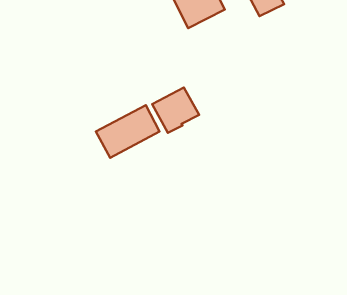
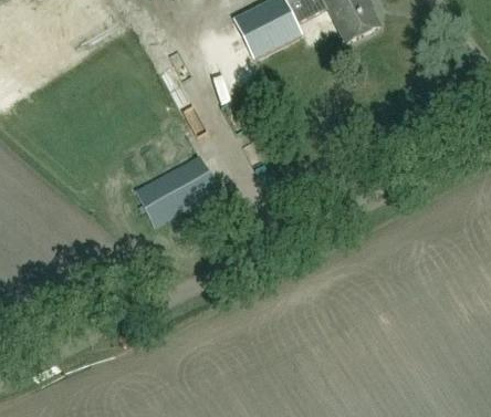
building: [152,88,199,133] -> none

